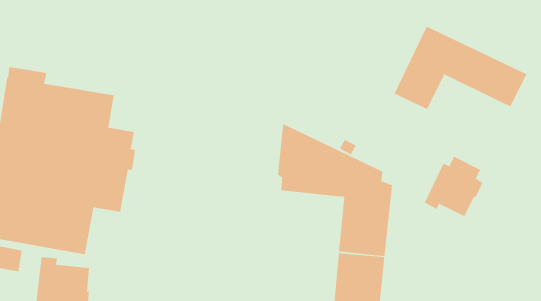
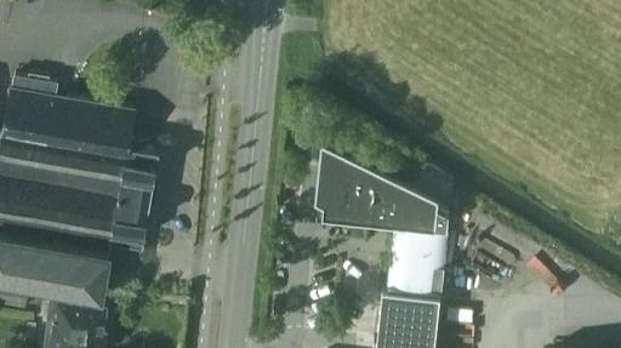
building: [394,26,527,110] -> none
building: [424,156,483,217] -> none

